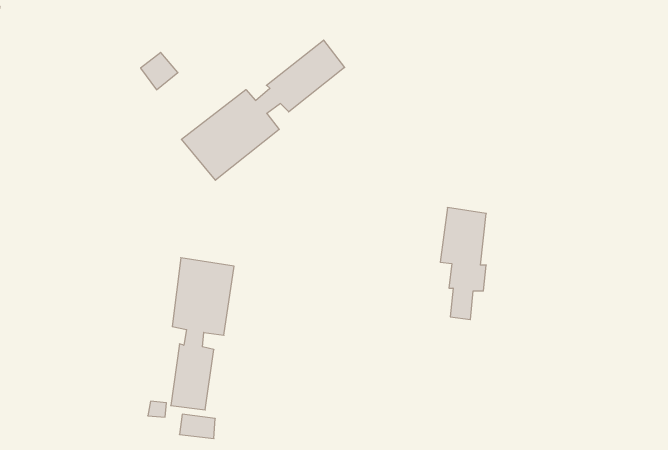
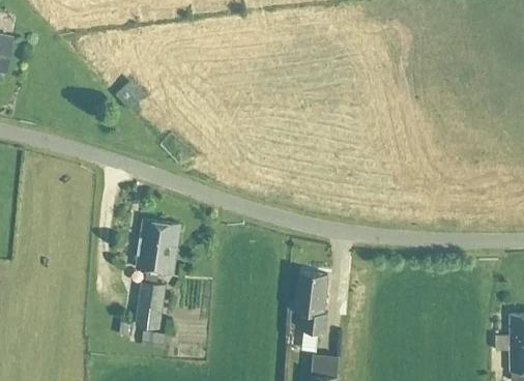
building: [181,40,345,180] -> none
building: [440,208,486,320] -> [294,272,327,353]

